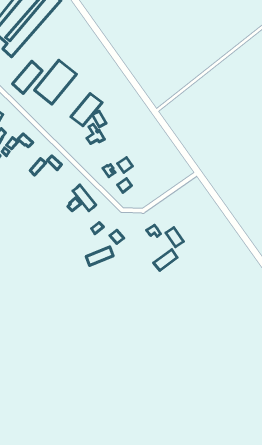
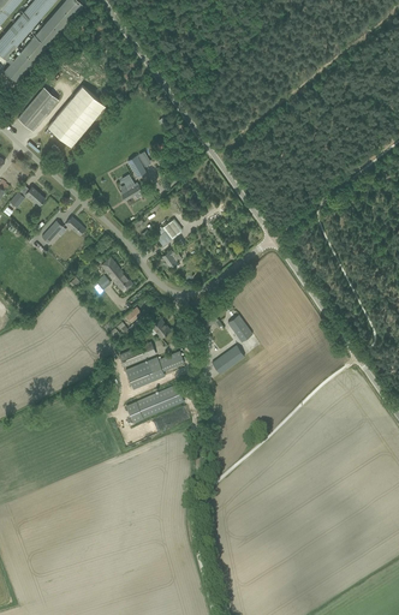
building: [71,93,102,126] -> none
building: none -> [126,351,184,389]
building: none -> [126,383,184,423]

